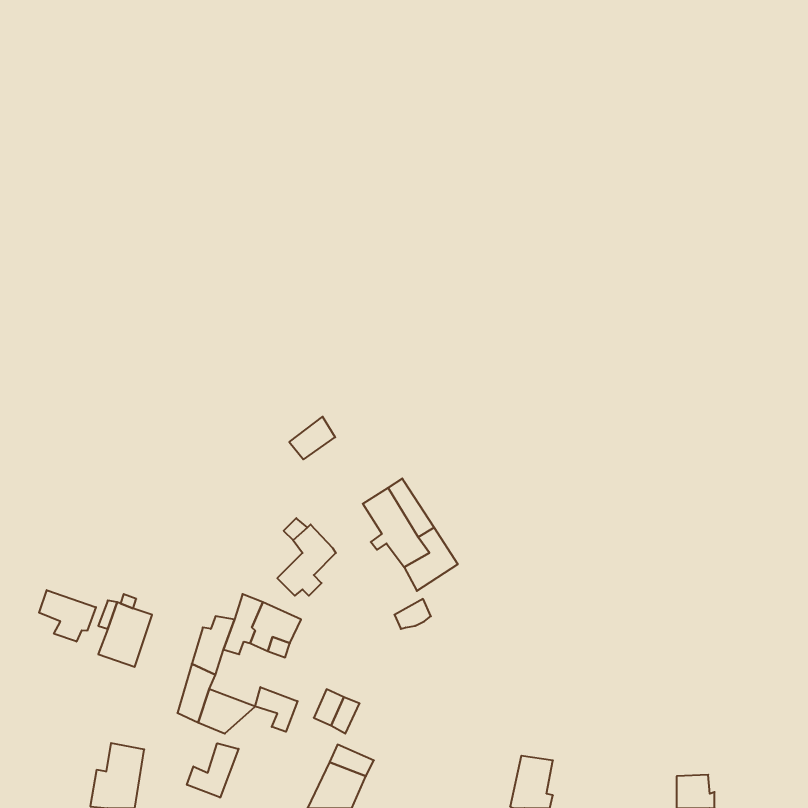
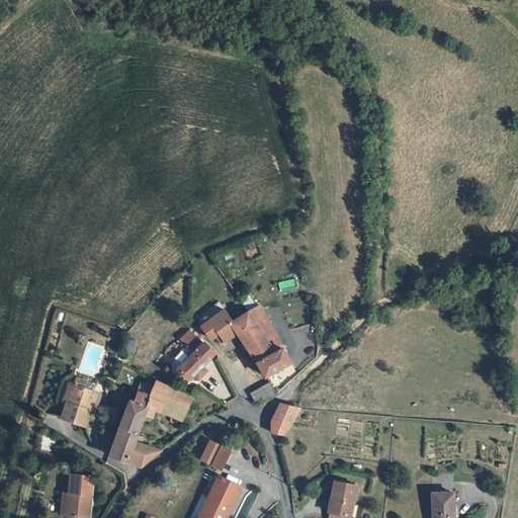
building: [289,417,335,459] -> [202,309,232,336]
building: [39,590,96,642] -> none
building: none -> [271,402,299,434]
building: [255,687,298,732] -> none
building: [187,743,239,798] -> none

